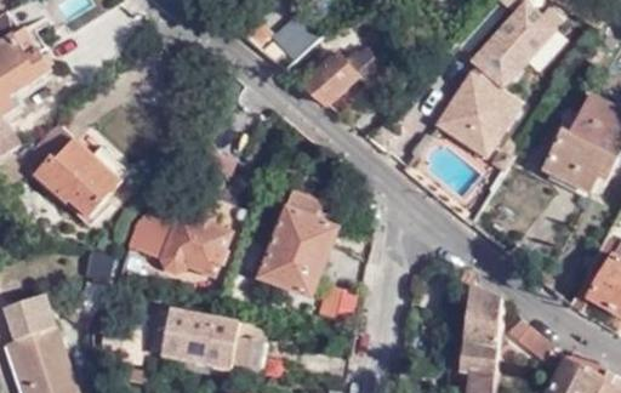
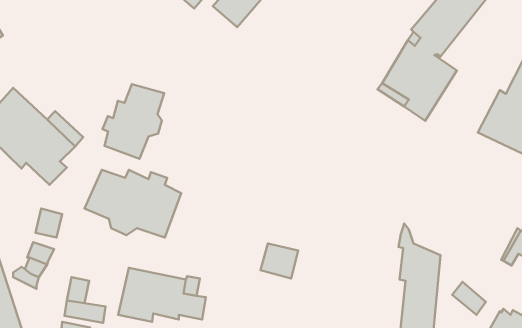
building: [292,44,381,102] -> none
building: none -> [103,84,164,159]
building: [262,194,343,301] -> none

